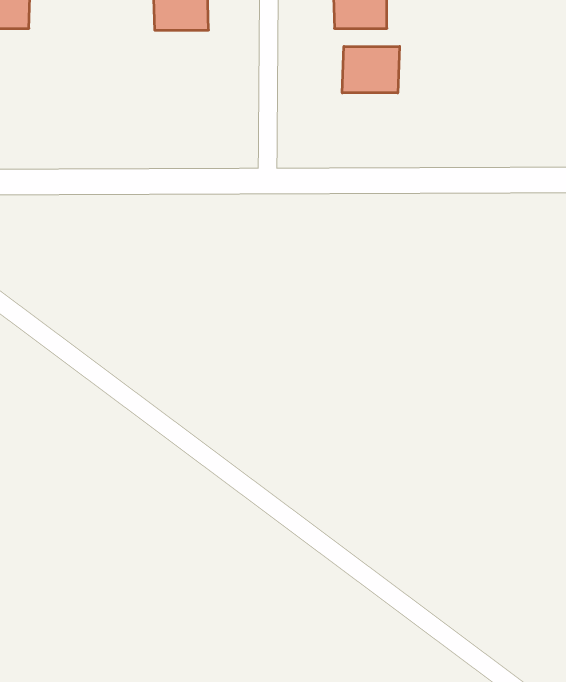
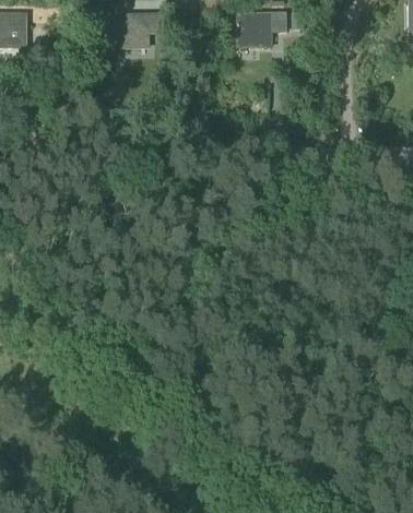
building: [342,46,400,93] -> none

